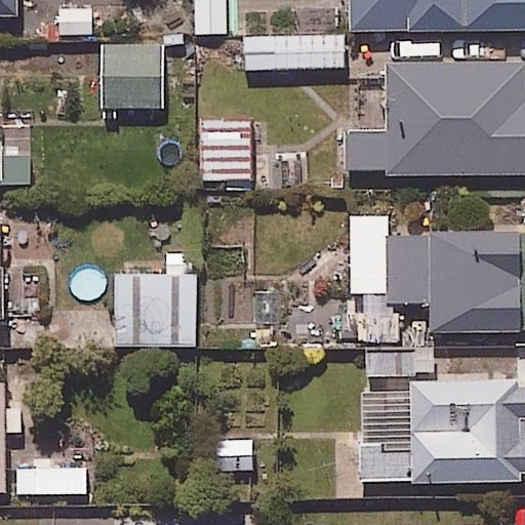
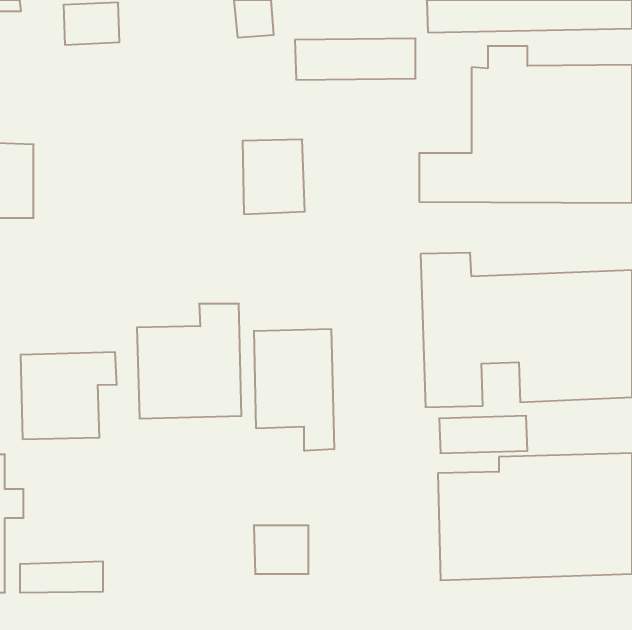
building: [104,44,163,109] -> none
building: none -> [254,329,334,451]
building: none -> [21,352,116,439]

